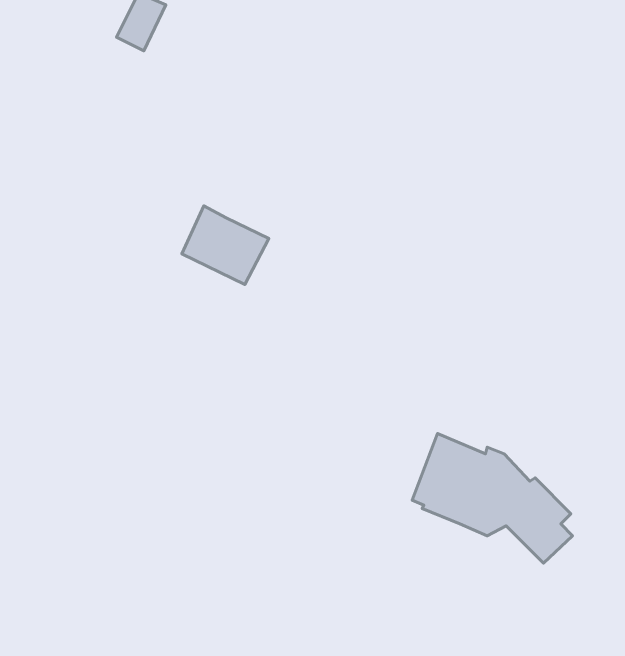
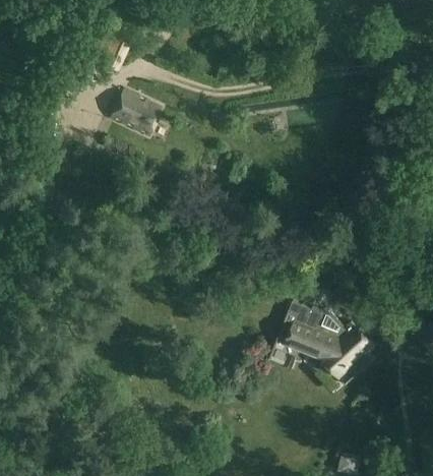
building: [182,206,269,284] -> [111,92,163,138]

